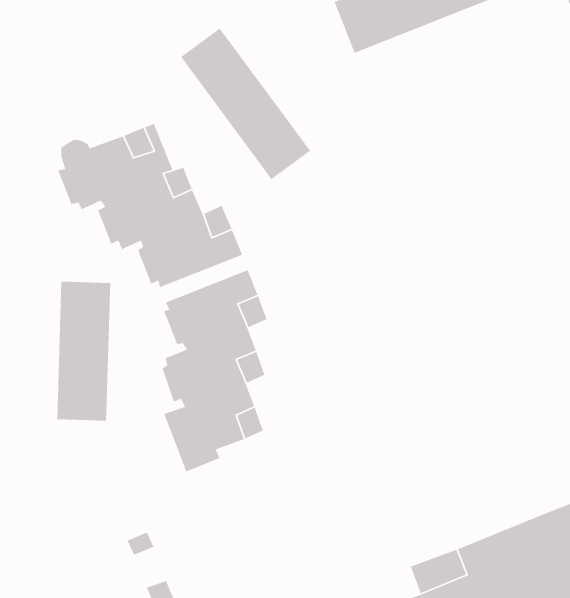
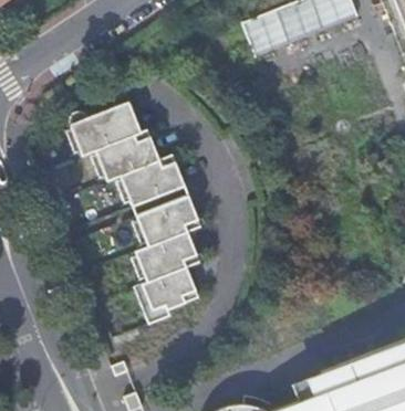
building: [180,27,311,180] -> none
building: [56,281,111,421] -> none

